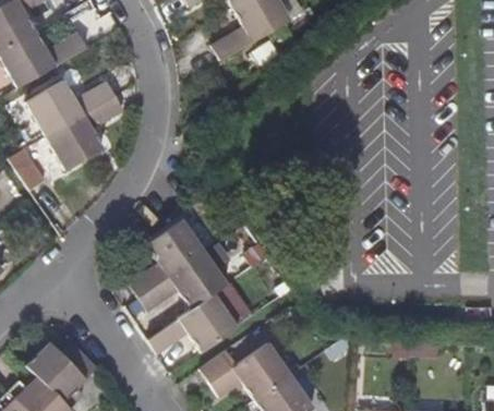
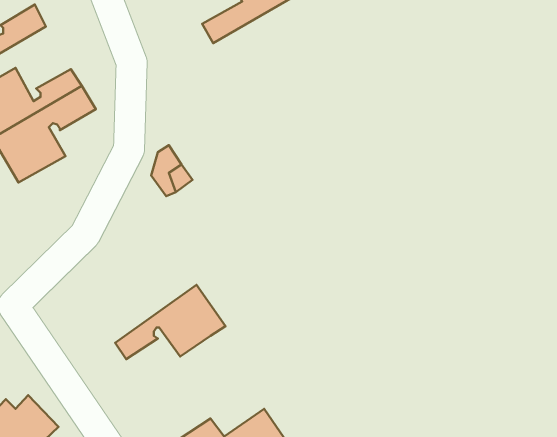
building: [132,218,206,297] -> none
building: [149,291,240,353] -> none

